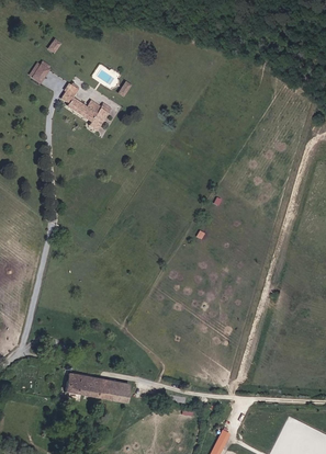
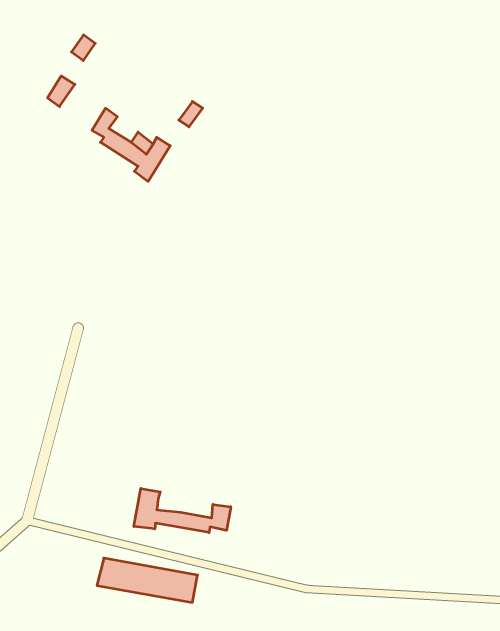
building: none -> [134,488,231,533]

